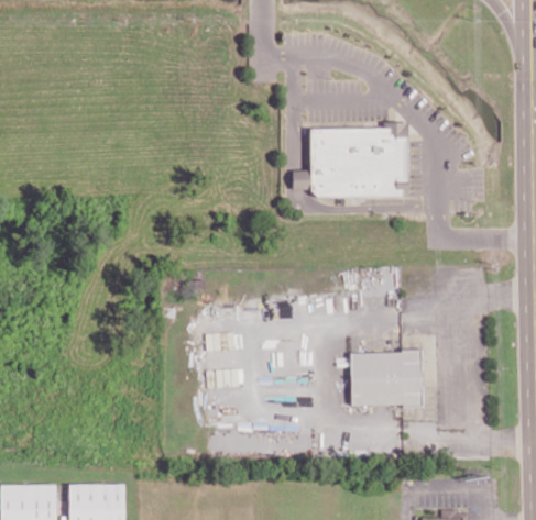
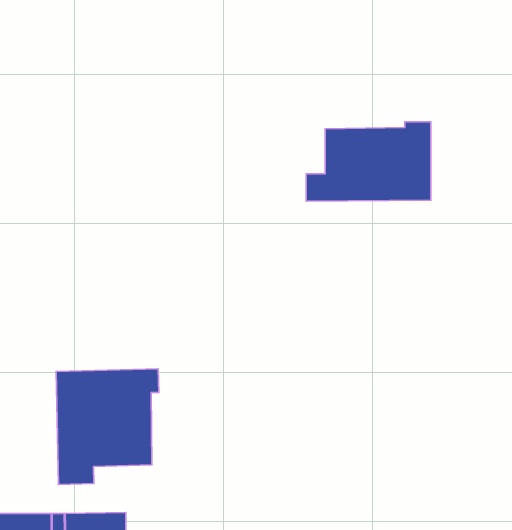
building: none -> [56,369,159,485]
building: [350,352,423,407] -> none

